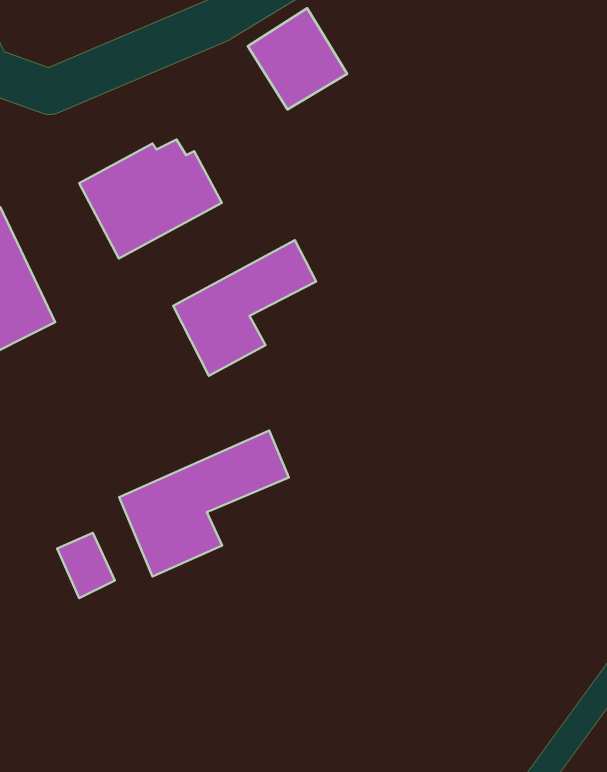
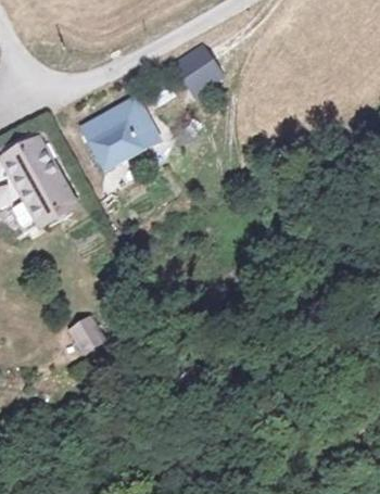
building: [173,240,316,376] -> none
building: [119,431,289,577] -> none

